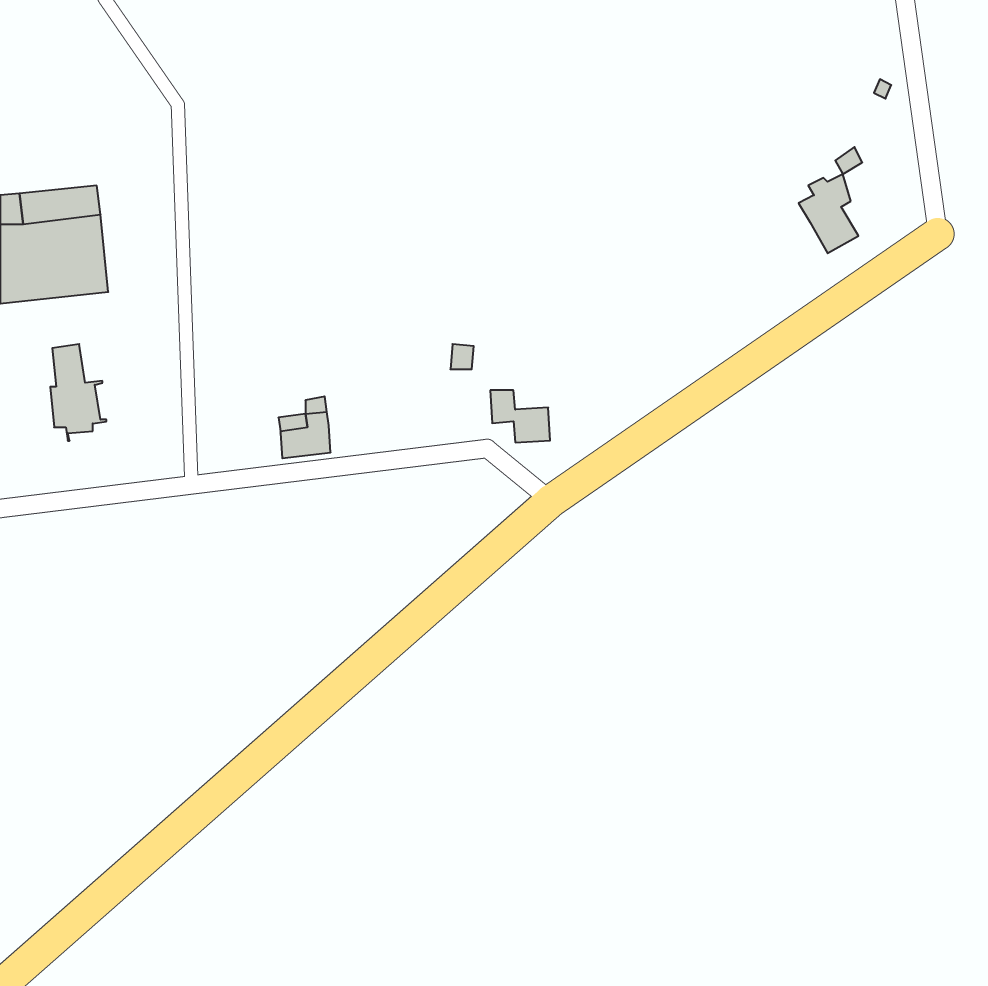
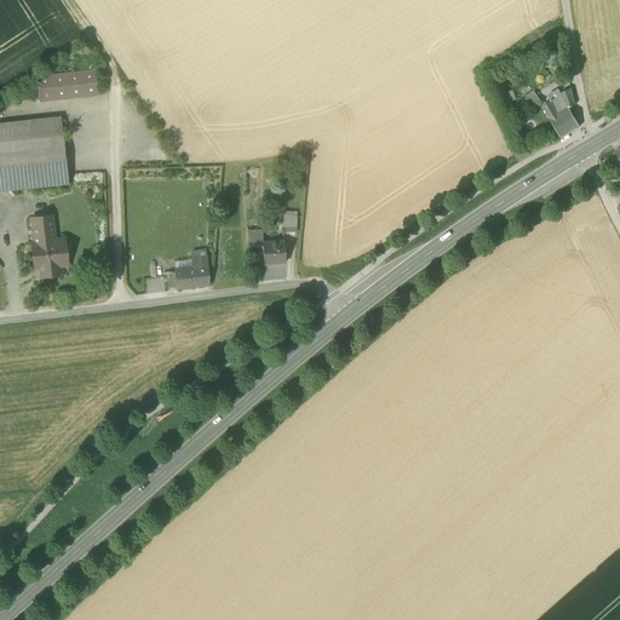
building: none -> [36,70,97,101]
building: [799,174,858,253] -> [542,87,580,137]
building: [490,390,550,442] -> [247,230,285,263]

